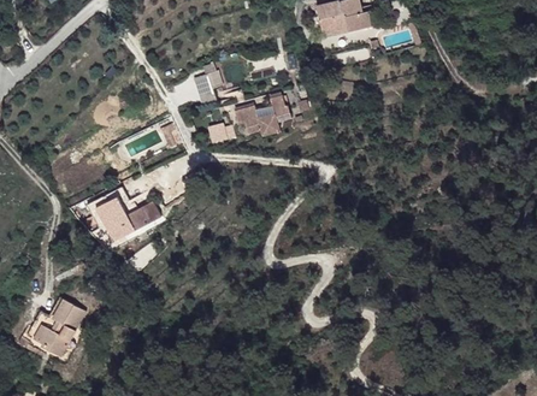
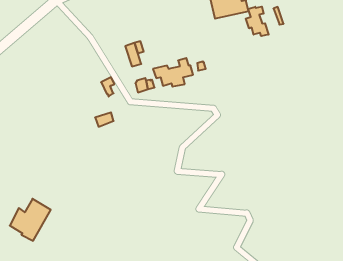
building: none -> [246,7,269,36]
building: [95,195,161,241] -> none

